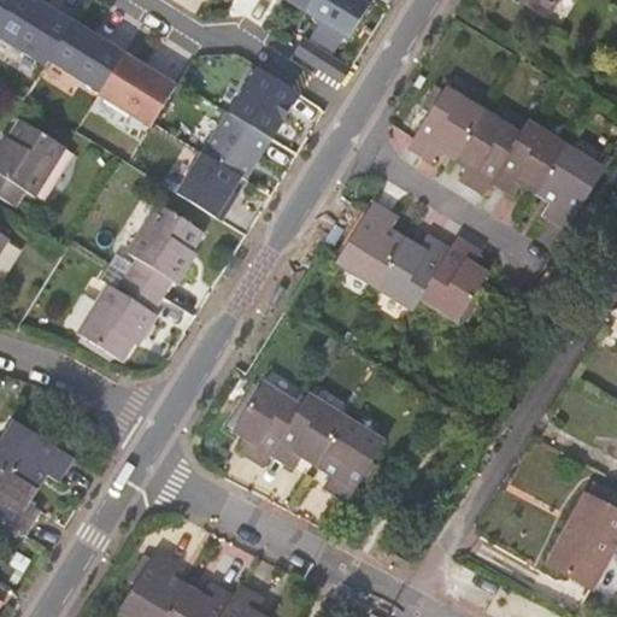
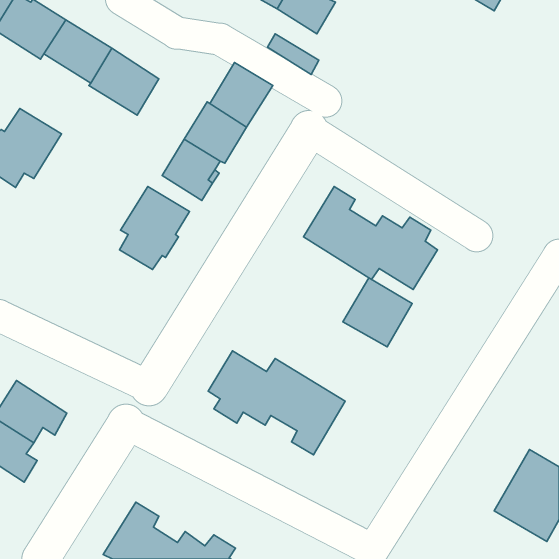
building: [406,84,601,225] -> none
building: [81,275,168,362] -> none
building: none -> [343,278,412,347]

